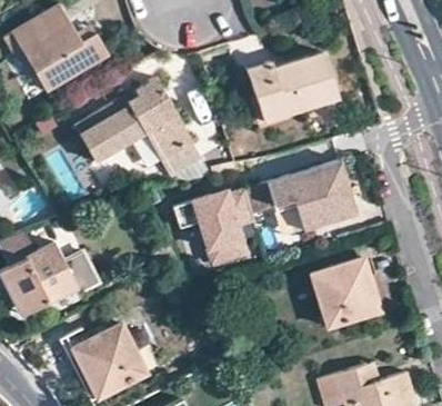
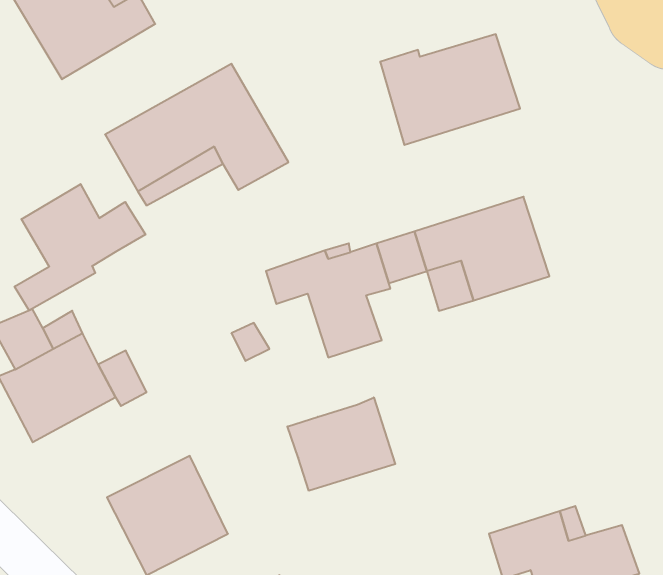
building: [158,138,208,178] -> none
building: none -> [15,184,145,310]
building: [312,260,384,334] -> none
building: none -> [287,397,395,491]

